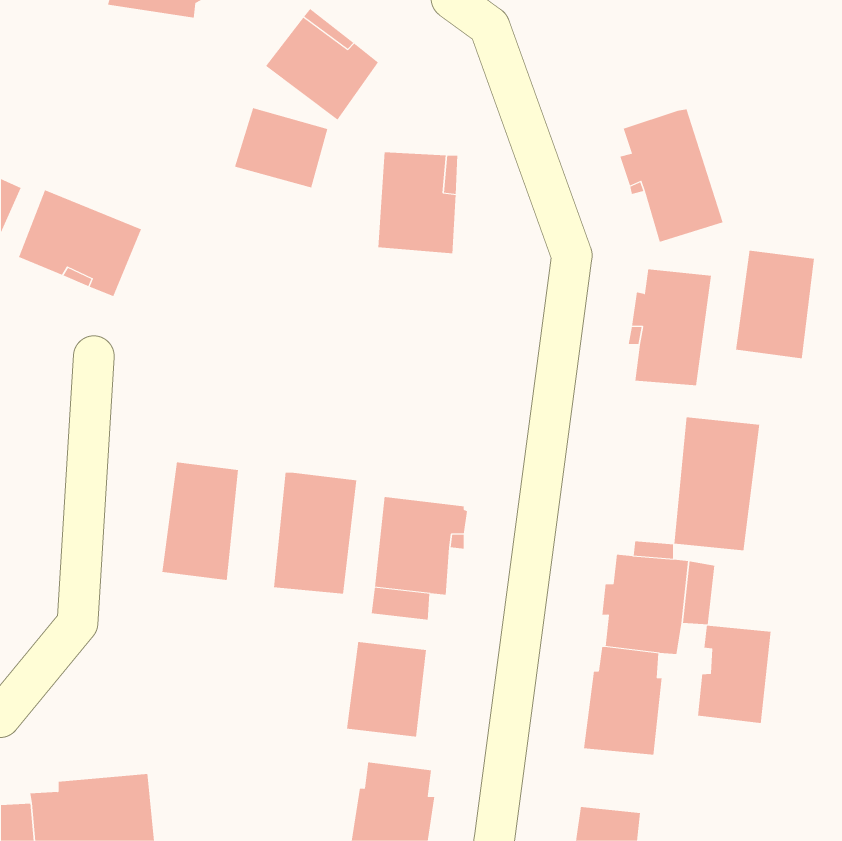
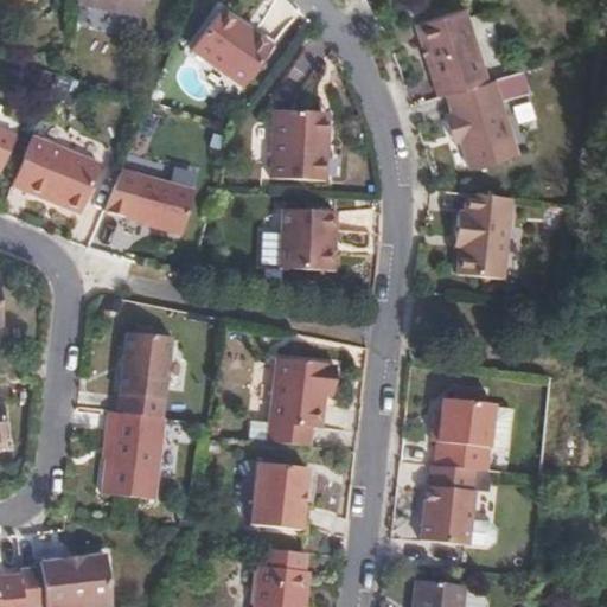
building: none -> [416,7,487,96]
building: [234,107,328,188] -> [127,175,194,234]
building: [736,250,814,359] -> none
building: none -> [285,210,336,273]
building: [674,416,760,551] -> none
building: [273,472,357,594] -> [103,411,164,499]
building: [698,625,771,724] -> none

